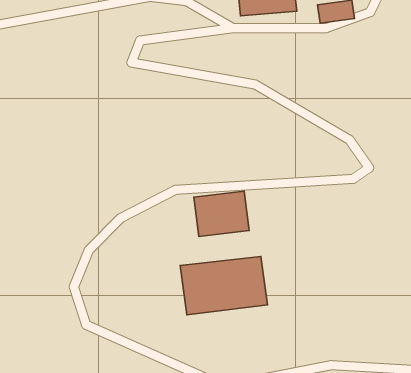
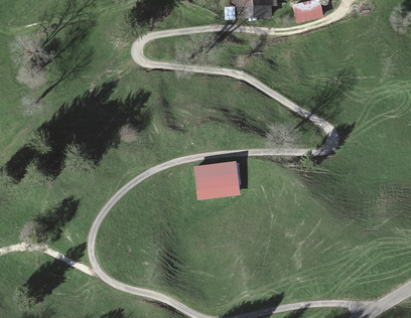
building: [180,257,267,315] -> none

